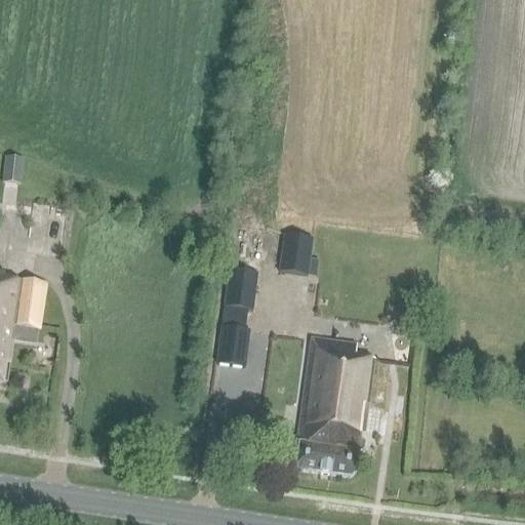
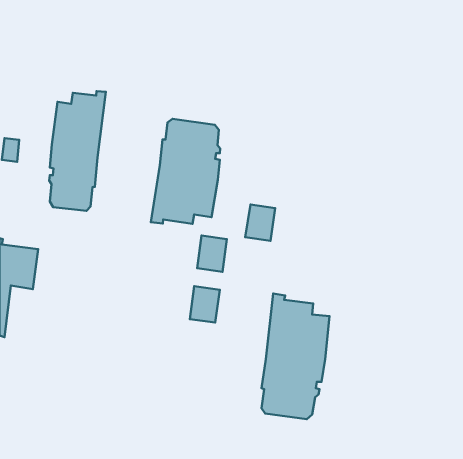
building: none -> [49,91,106,211]
building: none -> [151,119,220,224]

